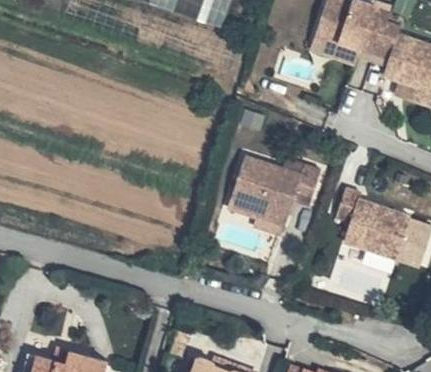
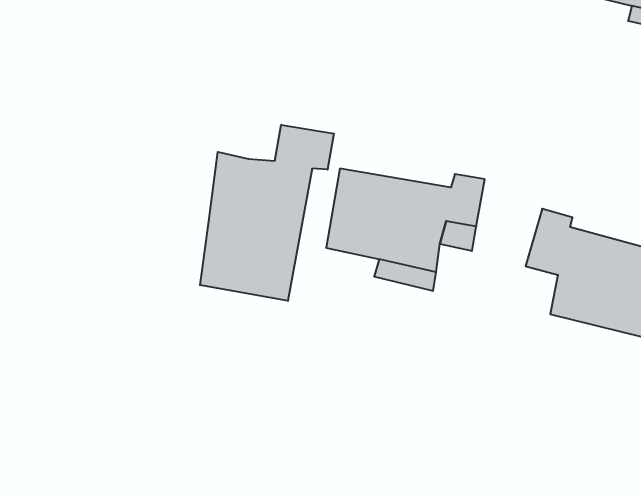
building: none -> [200,125,334,301]

